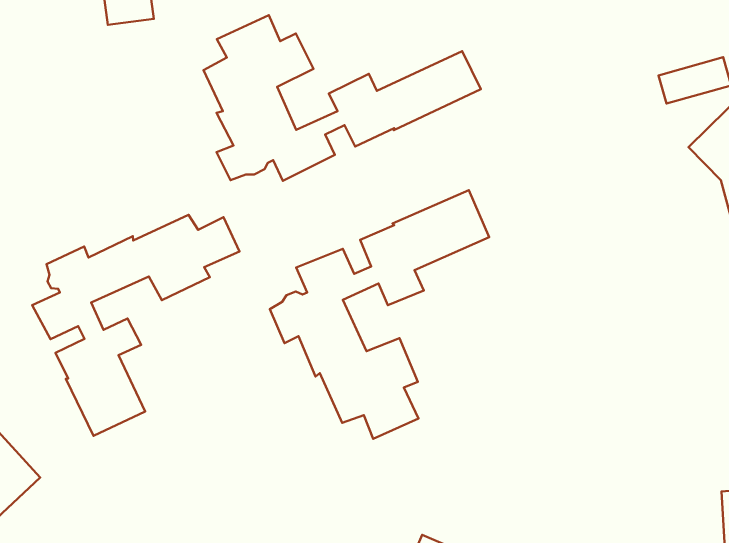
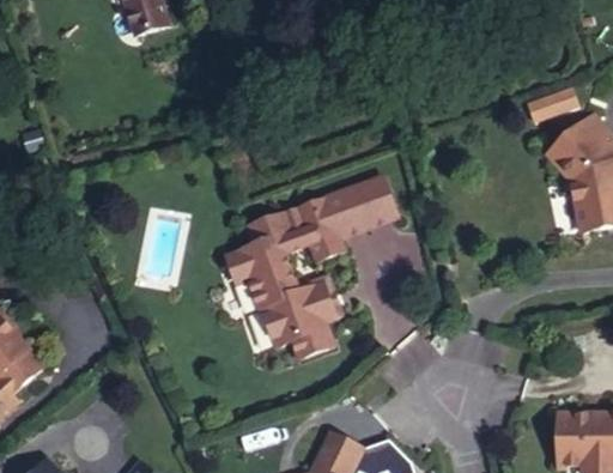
building: [203,15,481,181] -> none
building: [32,215,239,436] -> none

